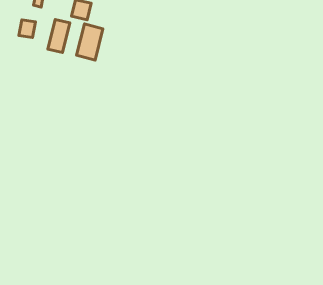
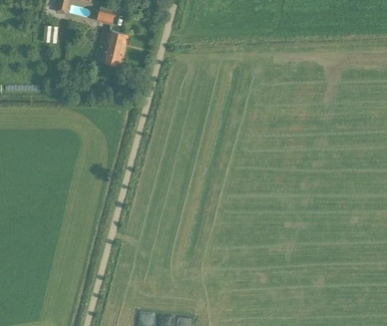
building: [48,19,70,53] -> none

